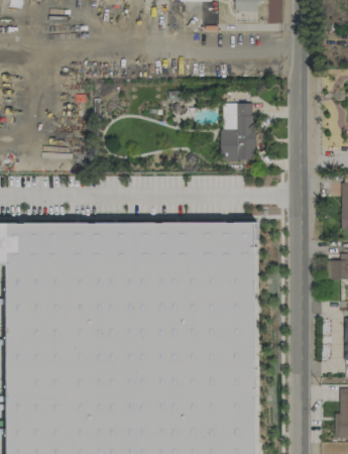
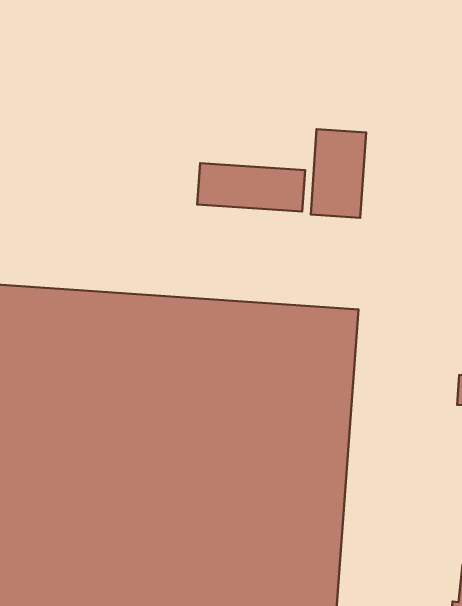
building: none -> [197,163,305,212]

